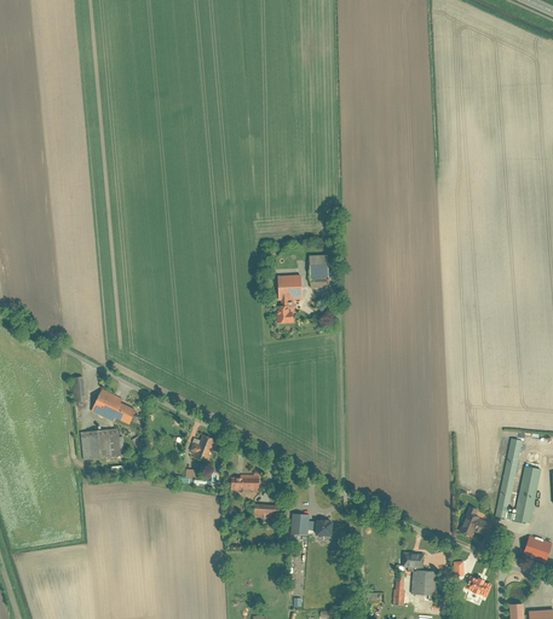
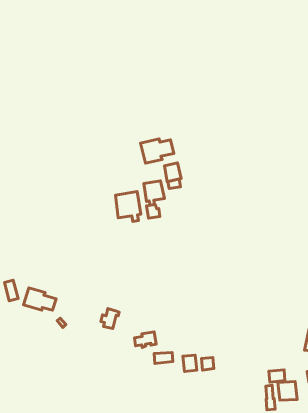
building: none -> [141,139,174,163]
building: none -> [116,192,141,221]
building: [82,428,127,459] -> none

